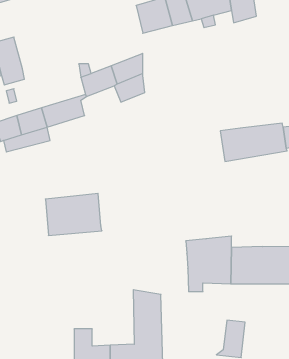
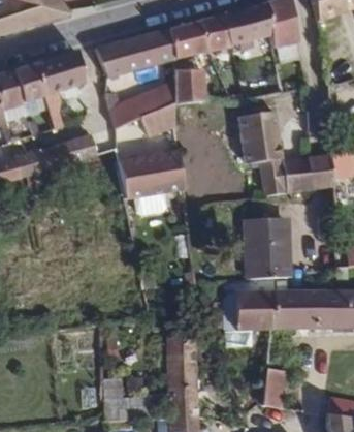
building: none -> [97,28,178,78]
building: none -> [38,51,86,96]
building: none -> [178,68,208,103]
building: none -> [237,114,283,165]
building: none -> [244,221,290,280]
building: [45,193,102,235] -> [125,150,186,195]

